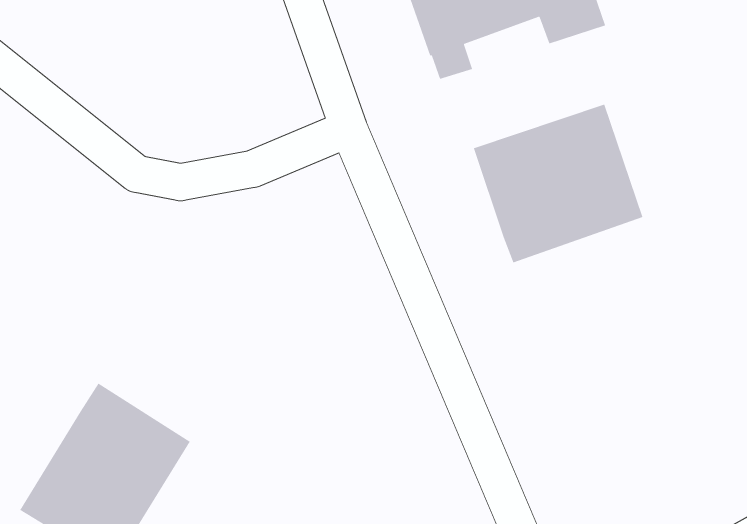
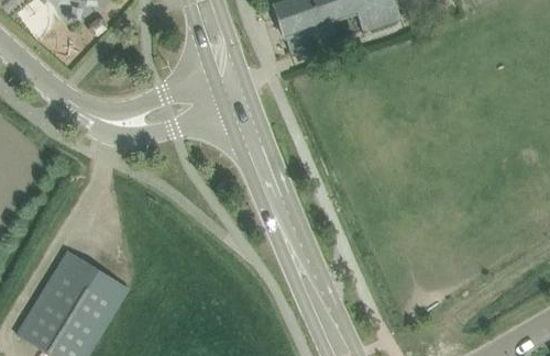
building: [473,103,643,263] -> none

